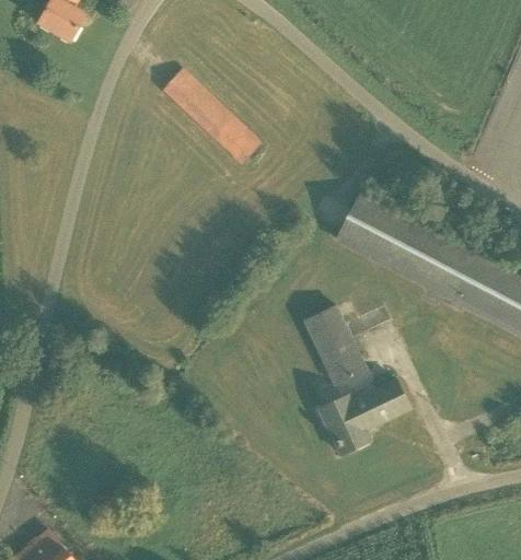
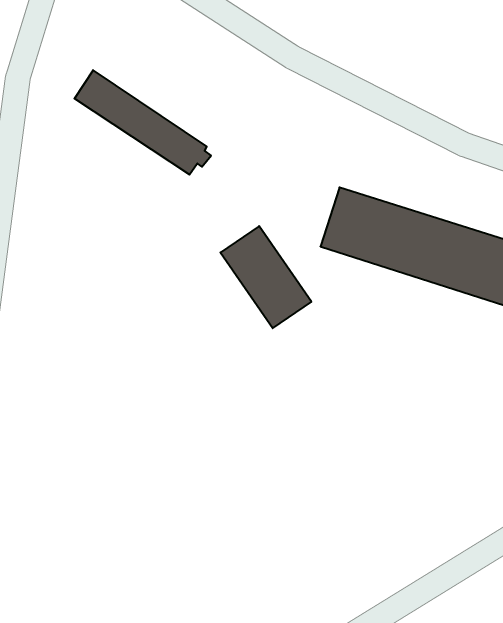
building: [302,303,367,385] -> [220,226,311,328]
building: [319,376,409,455] -> none

